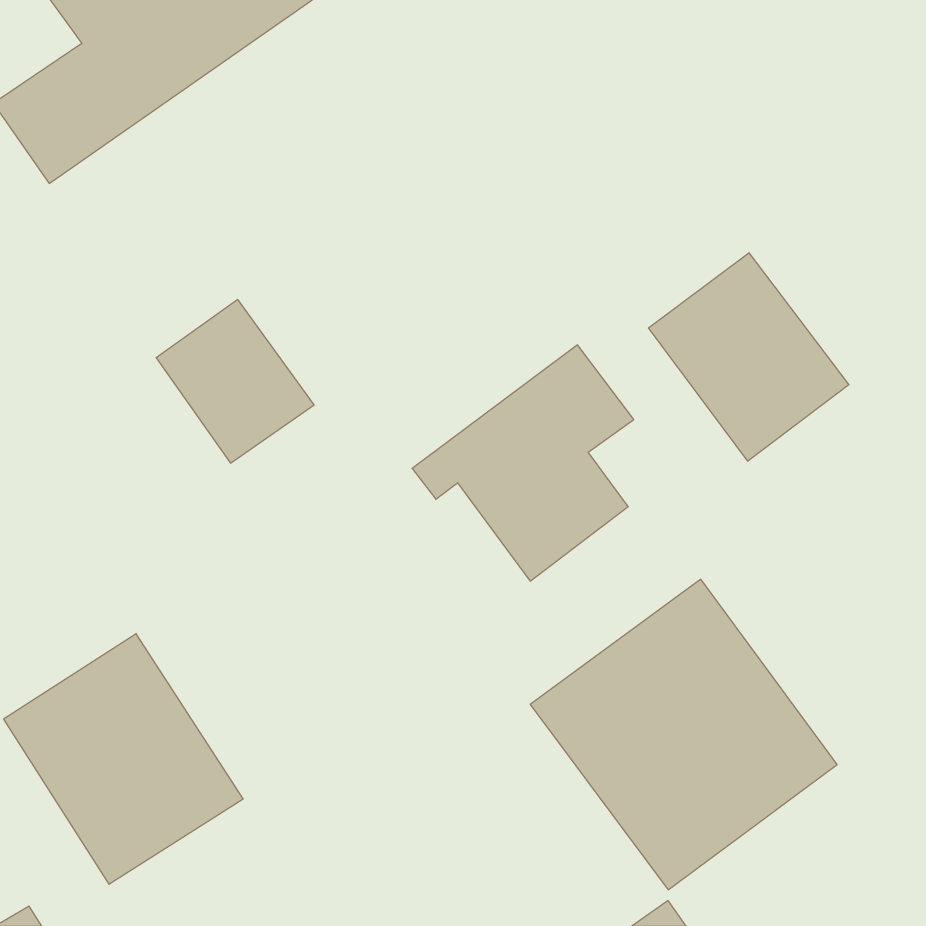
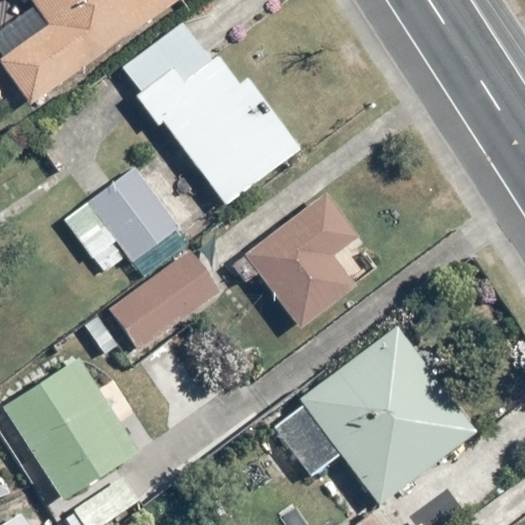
building: none -> [134,56,299,205]
building: [649,253,849,461] -> none
building: none -> [110,252,216,348]

